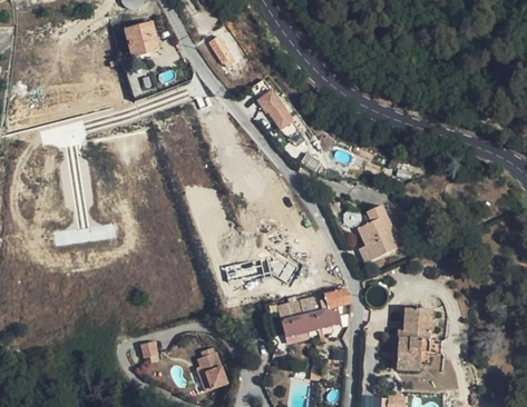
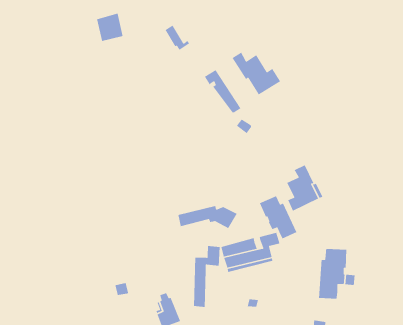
building: none -> [232,51,281,96]
building: none -> [259,195,298,239]
building: none -> [193,245,220,308]

